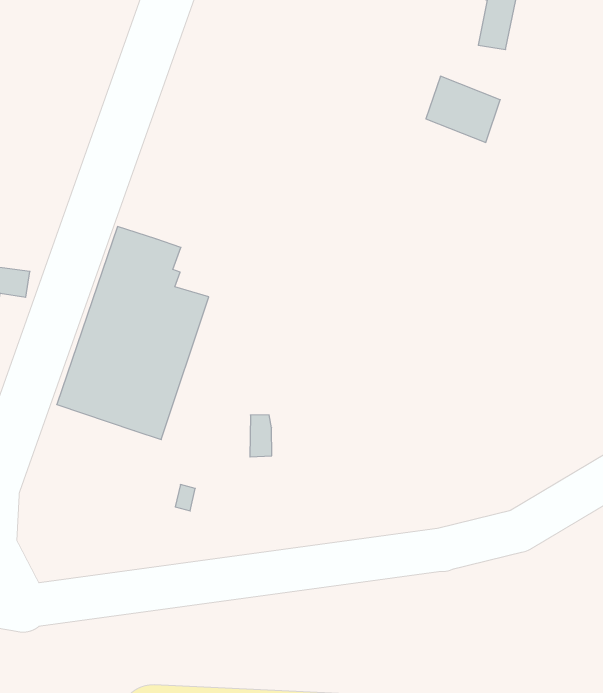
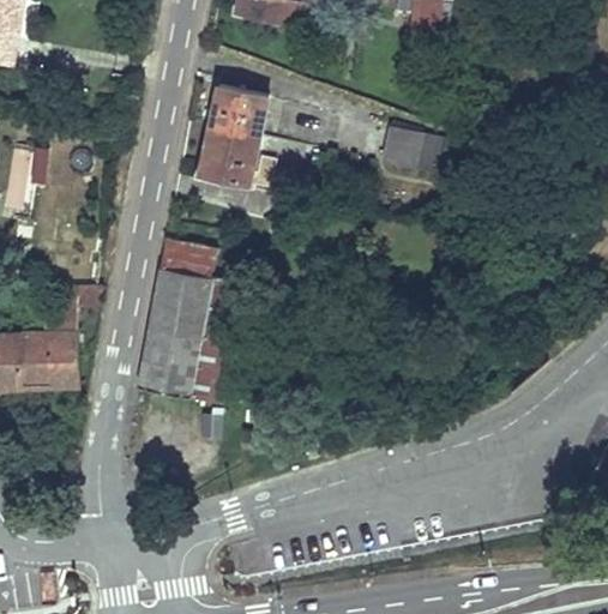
building: none -> [205,94,257,180]
building: [426,76,500,142] -> [387,138,443,183]

